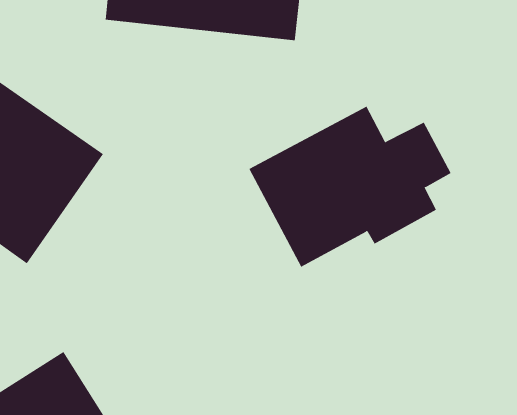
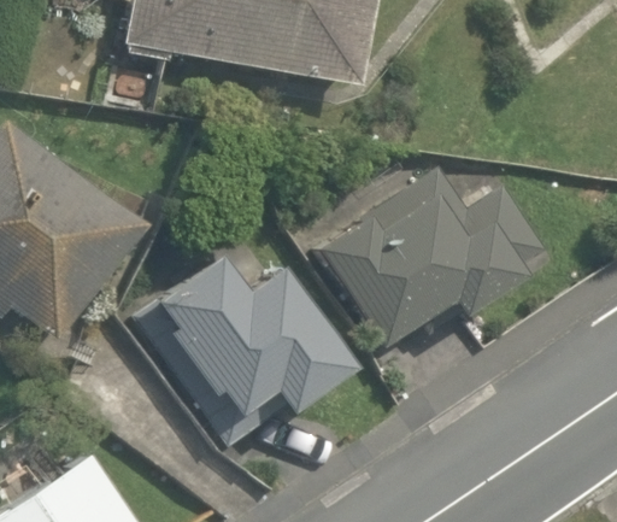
building: none -> [137,231,354,424]

